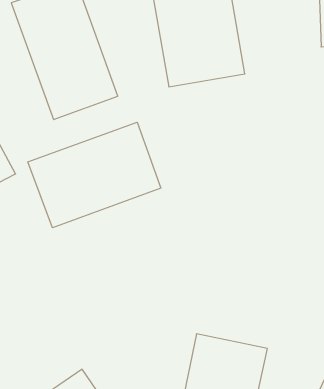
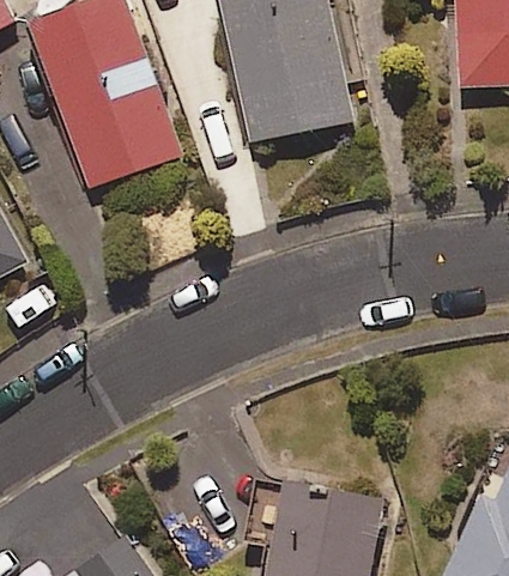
building: [28,122,161,228] -> none

